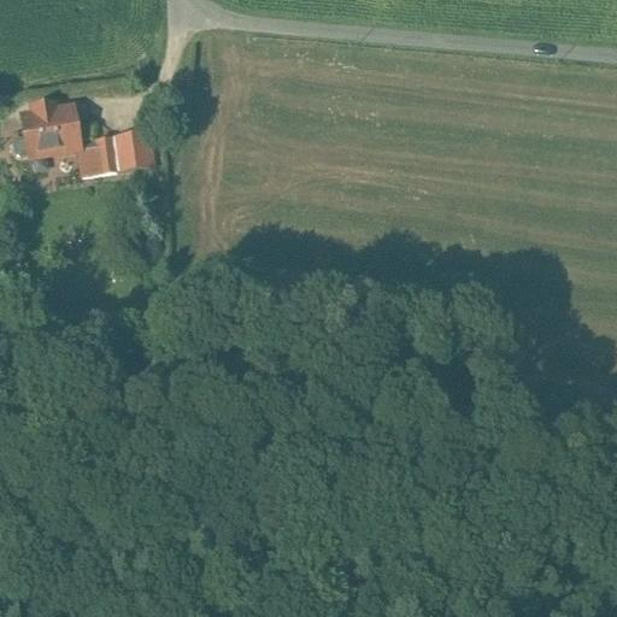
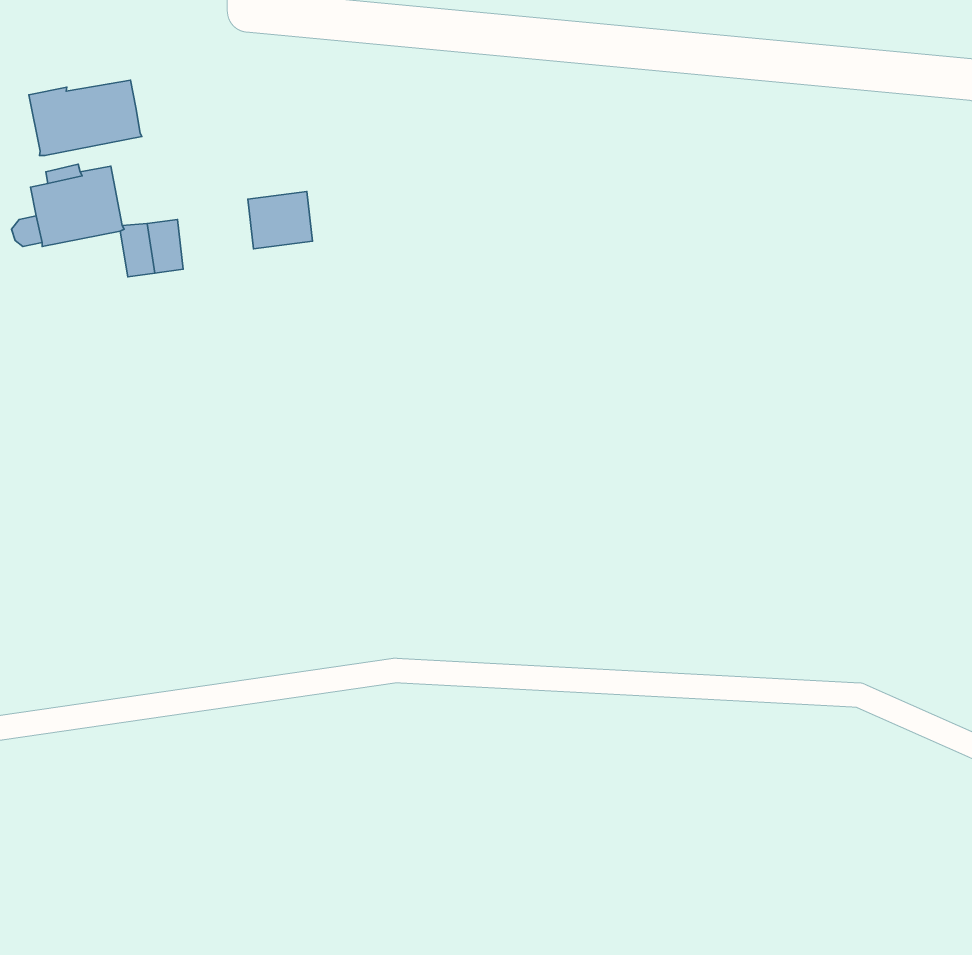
building: none -> [29,80,142,156]
building: [114,134,155,170] -> [248,191,313,249]

